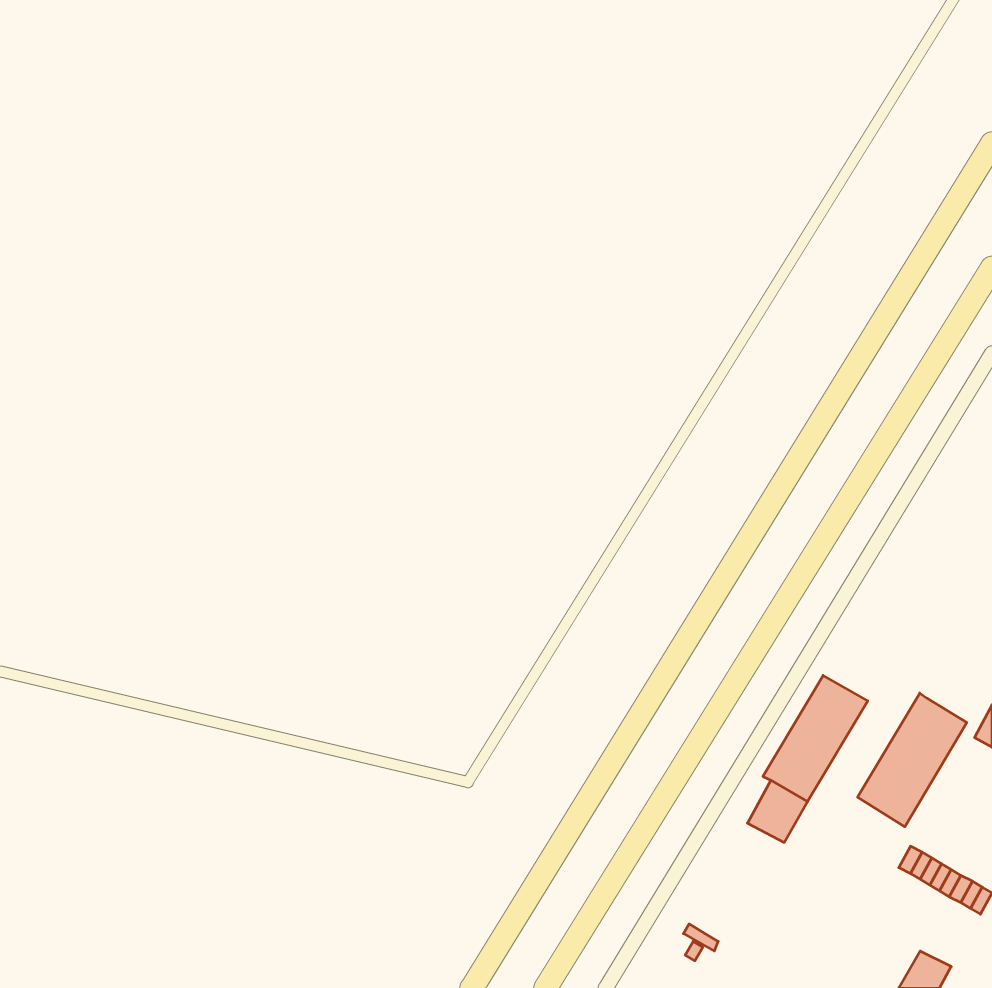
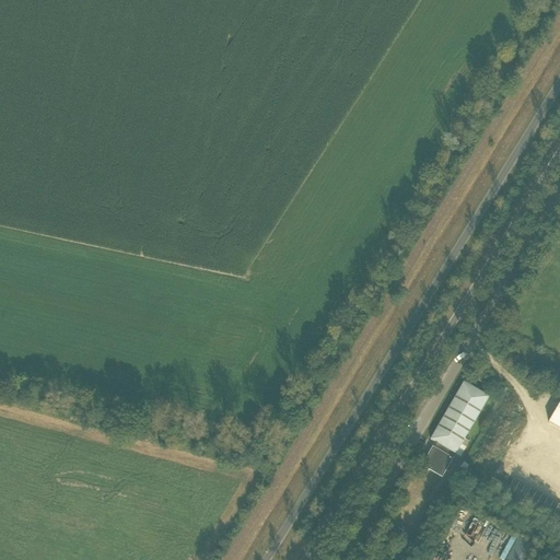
building: [858,693,967,827] -> none

